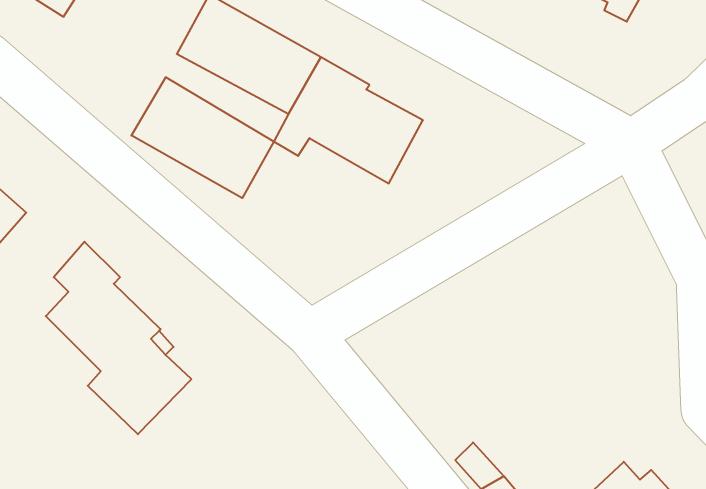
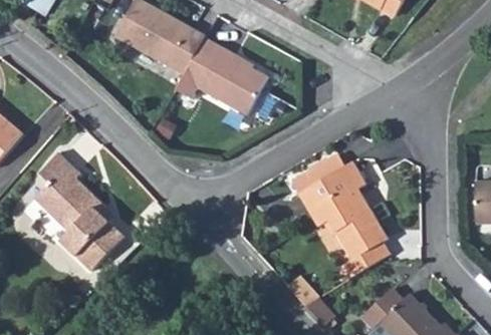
building: [131,77,274,198] -> none
building: none -> [291,153,389,270]

